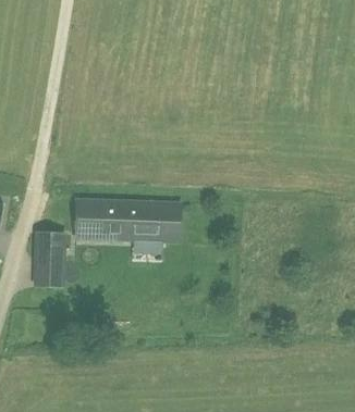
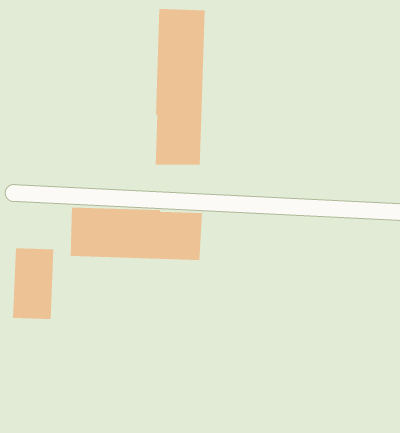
building: none -> [155,8,205,165]

